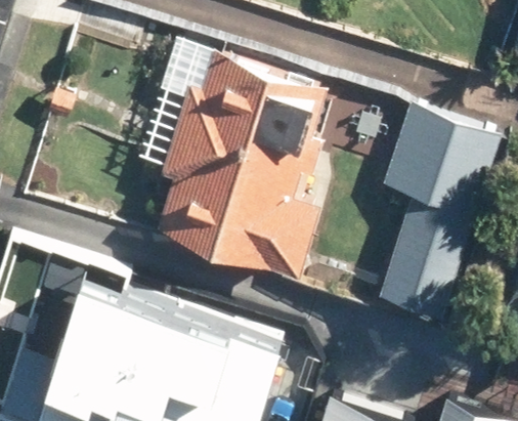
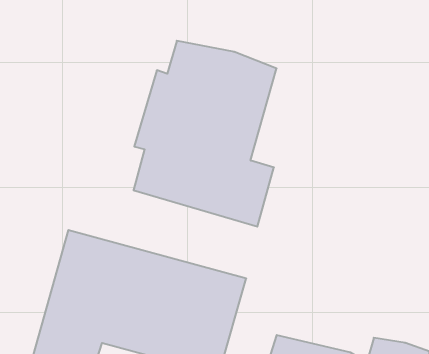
building: [377,104,499,314] -> none

